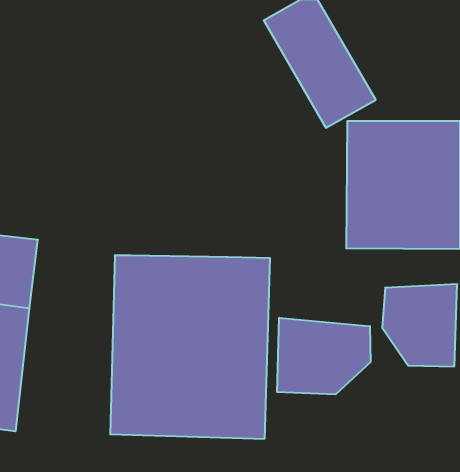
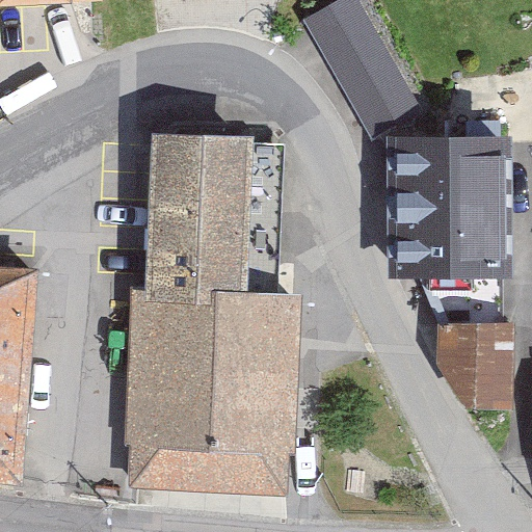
building: none -> [147,131,263,289]
building: [277,318,371,394] -> none

